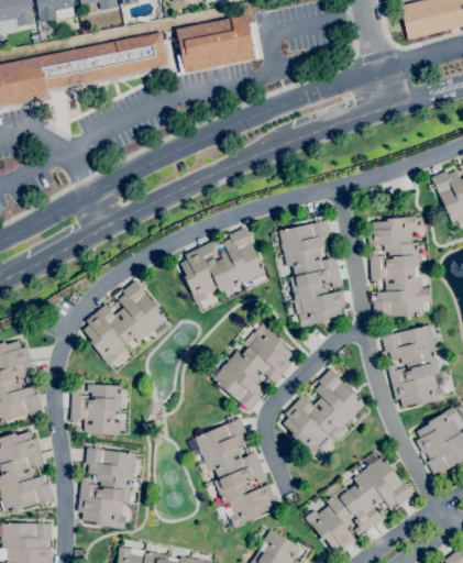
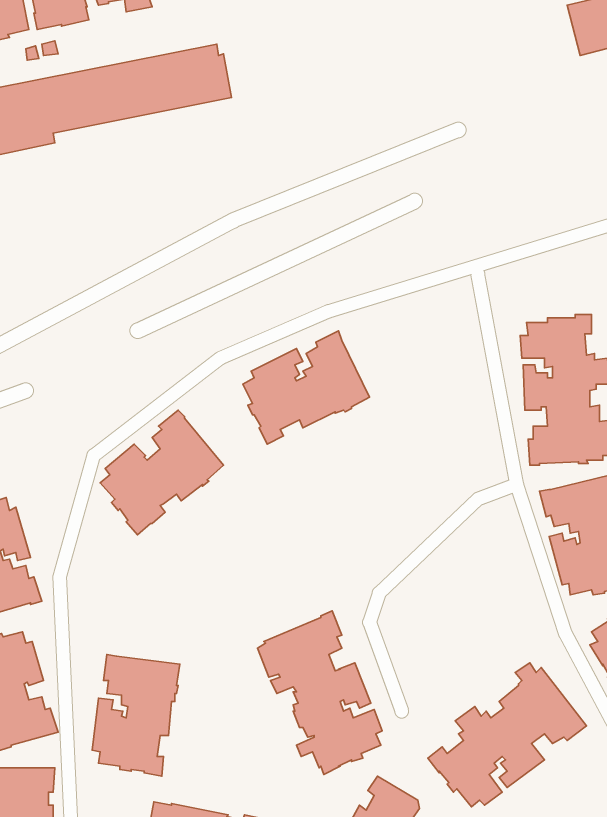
building: [176,14,258,74] -> none
building: [278,219,346,327] -> none
building: [212,323,293,411] -> none
building: [283,368,365,461] -> none
building: [70,384,121,434] -> none

